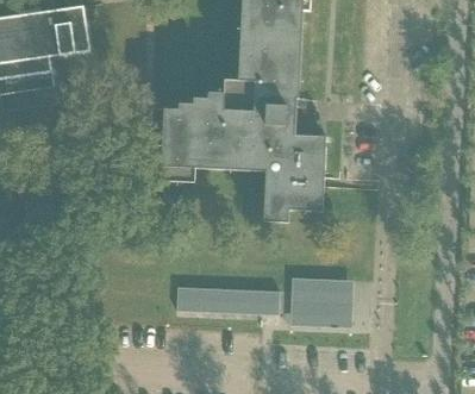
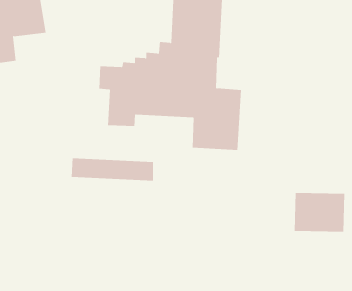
building: [290,276,354,325] -> [294,192,345,232]
building: [174,287,276,315] -> [71,158,154,181]

